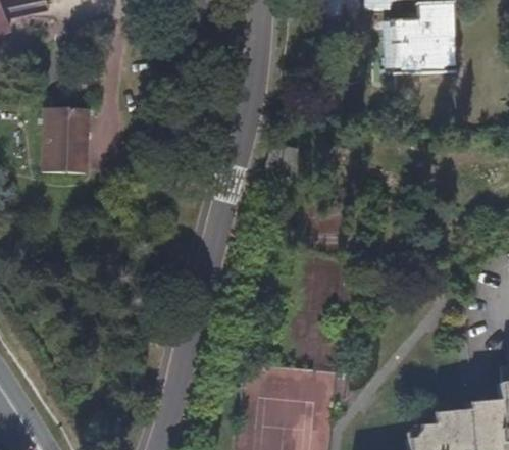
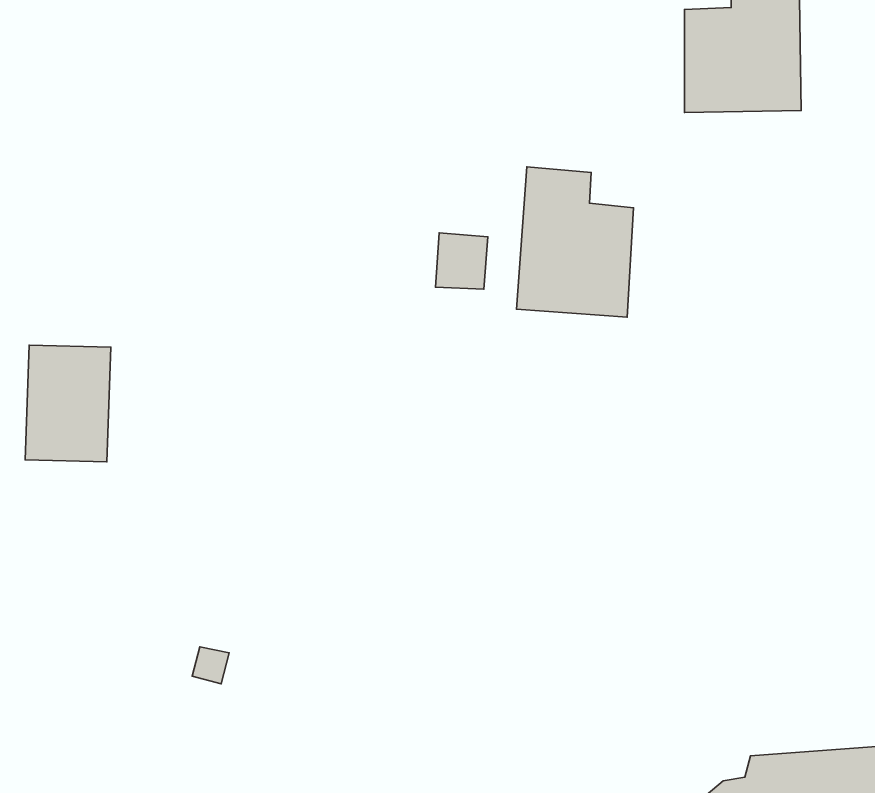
building: none -> [517,167,634,317]
building: [42,110,87,171] -> [25,345,111,462]

